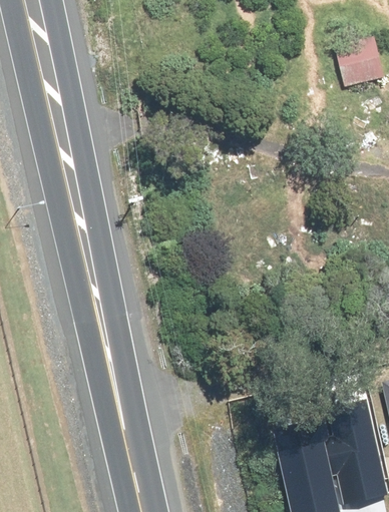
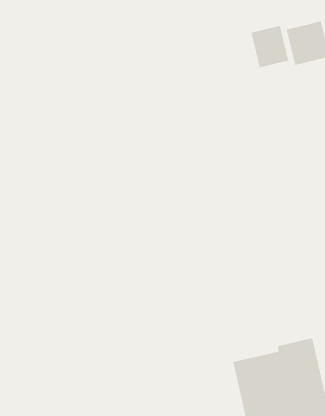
building: none -> [251,25,289,68]

